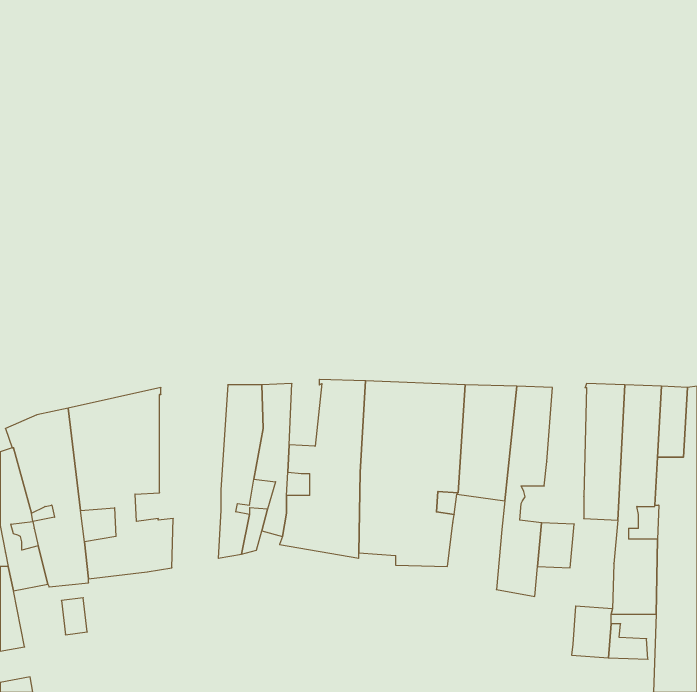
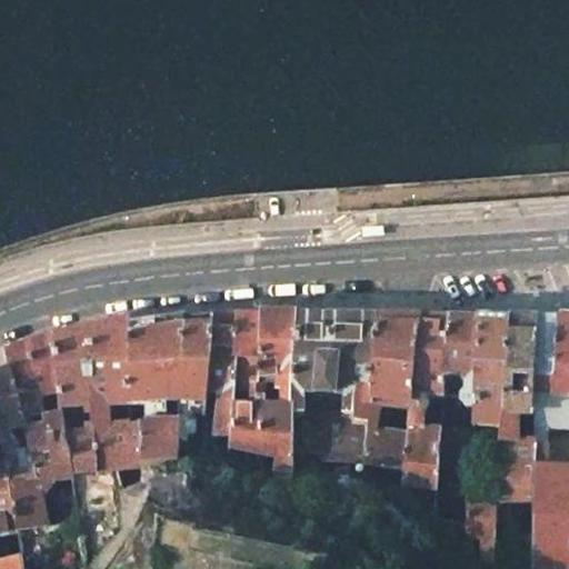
building: none -> [236,312,262,363]
building: none -> [130,313,186,462]
building: none -> [446,316,478,405]
building: none -> [362,426,409,472]
building: none -> [11,476,48,527]

